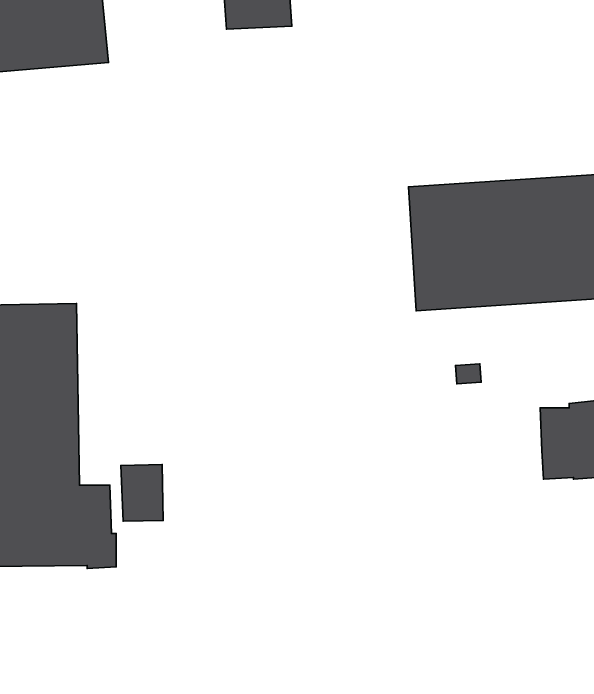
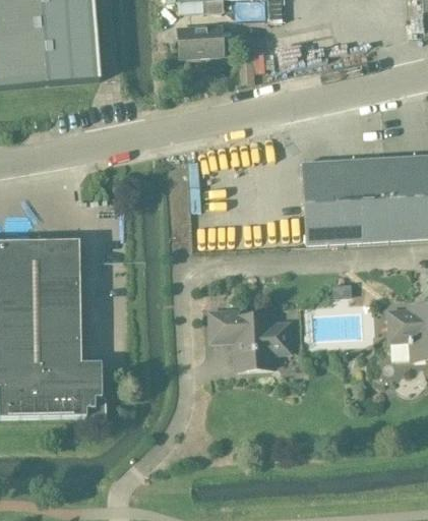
building: none -> [210,309,291,367]
building: [121,465,163,521] -> none

